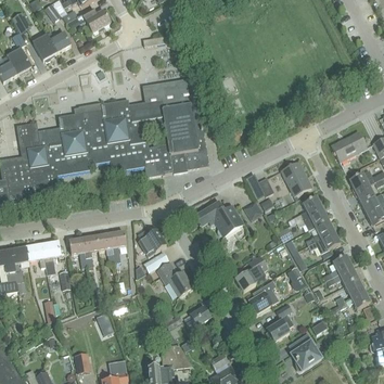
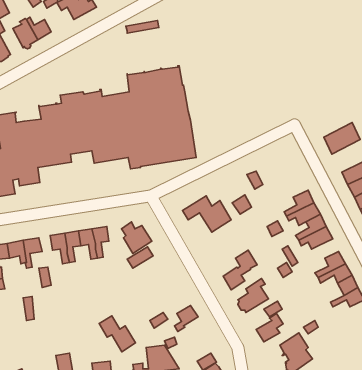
building: [281,159,311,194] -> none
building: [158,261,193,296] -> [99,316,136,352]

